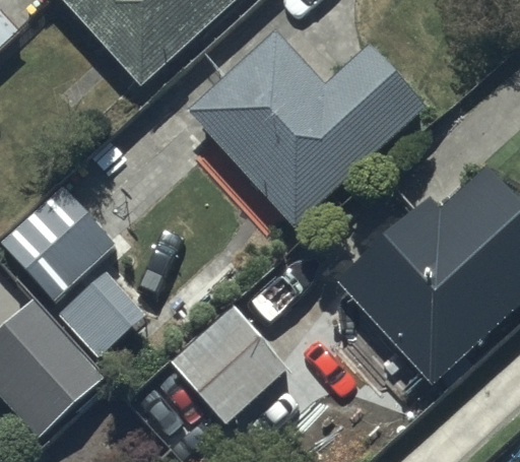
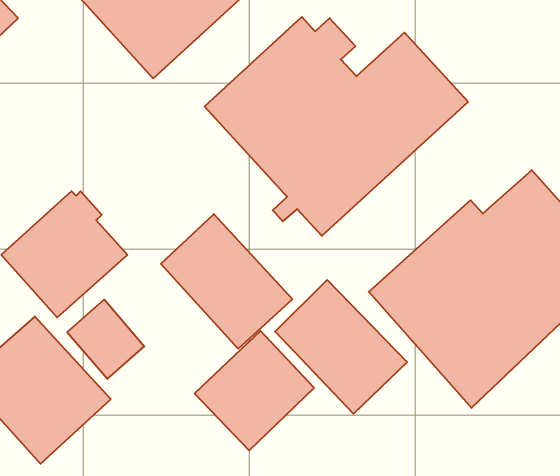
building: none -> [161,214,292,349]
building: none -> [275,280,407,414]

